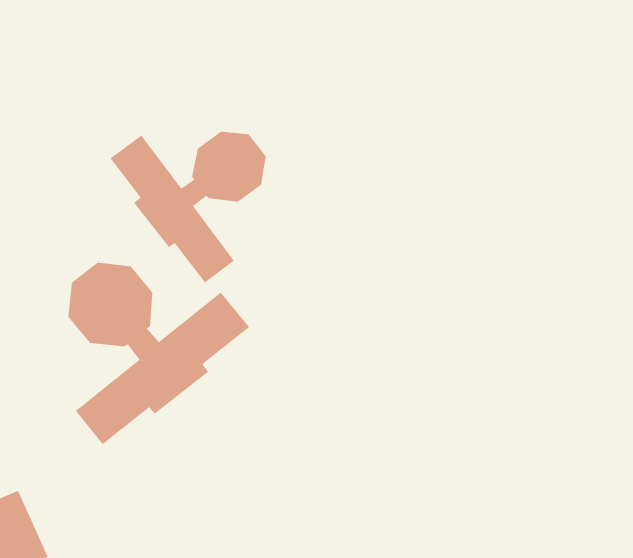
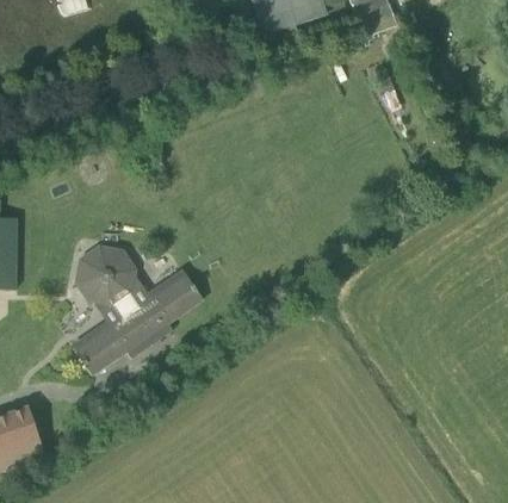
building: [109,131,267,284] -> none

